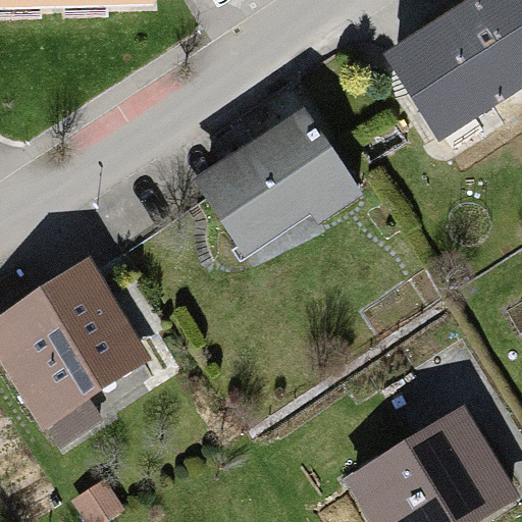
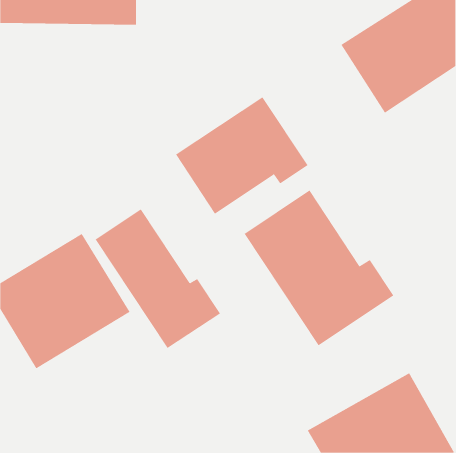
building: none -> [244,190,394,346]
building: none -> [95,208,221,349]

